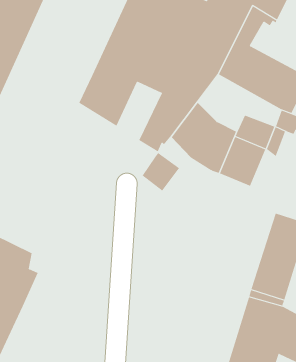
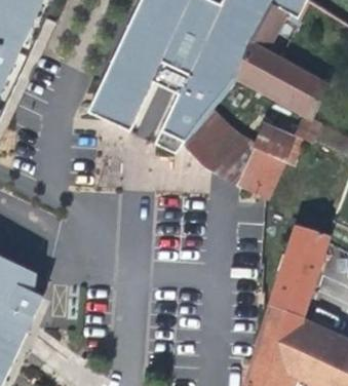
building: [142,152,180,191] -> none

